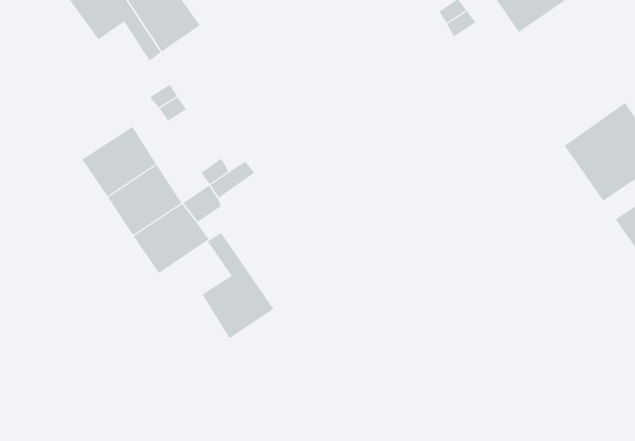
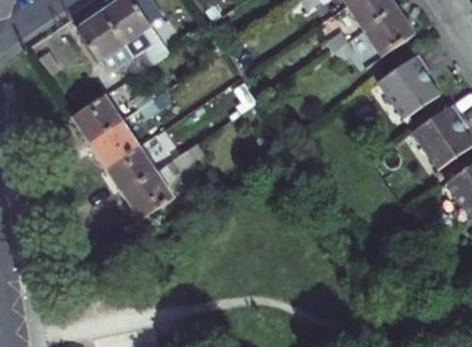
building: none -> [376,52,440,120]
building: none -> [71,94,122,141]
building: [202,232,274,339] -> none

